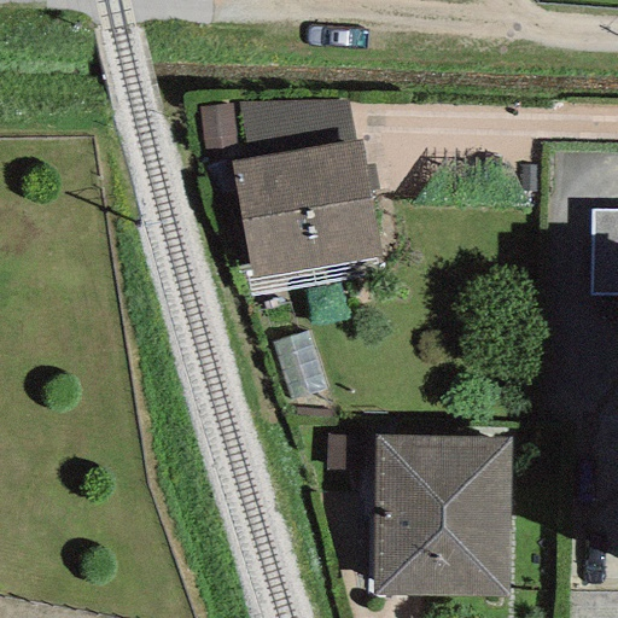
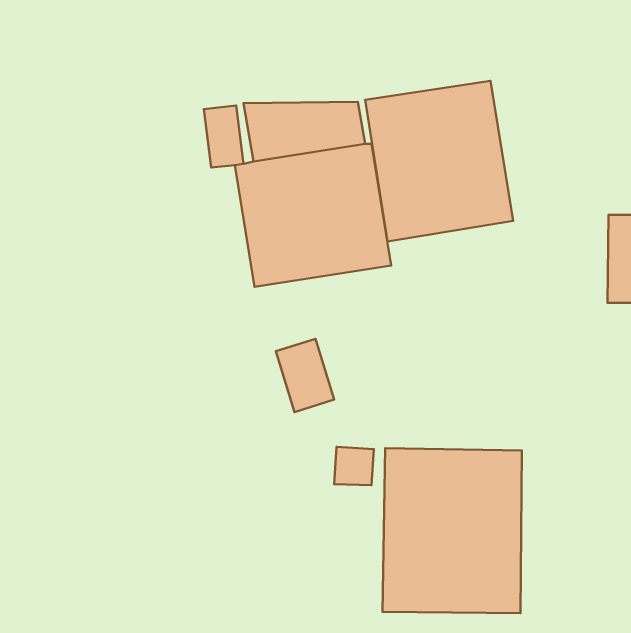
building: none -> [365,81,513,242]

